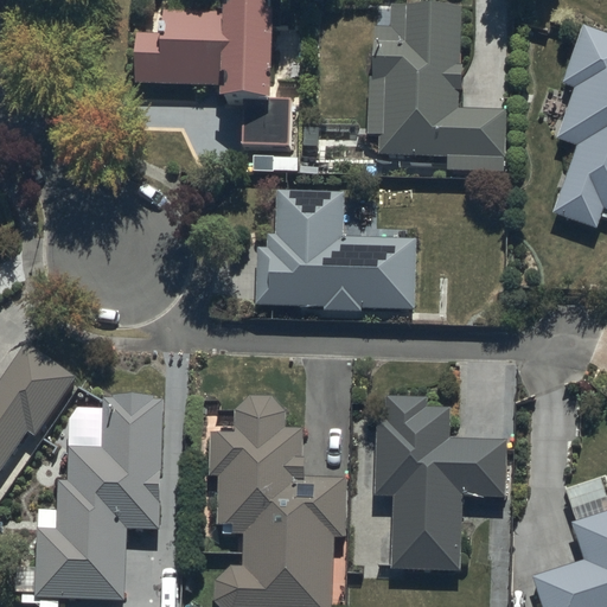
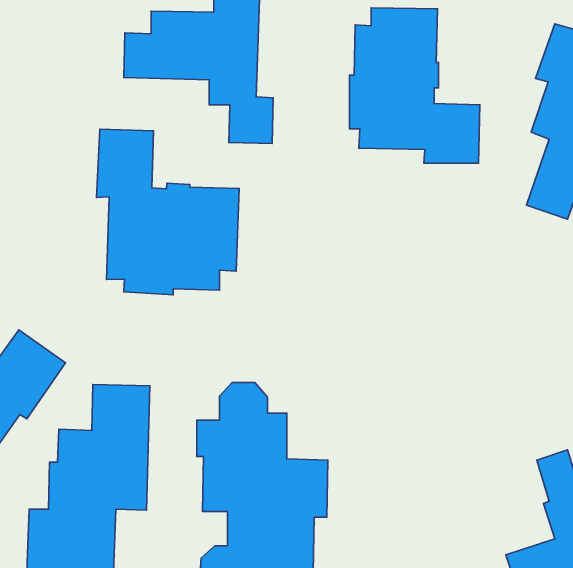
building: none -> [97,129,239,295]
building: [256,191,416,311] -> none
building: [376,398,505,568] -> none

